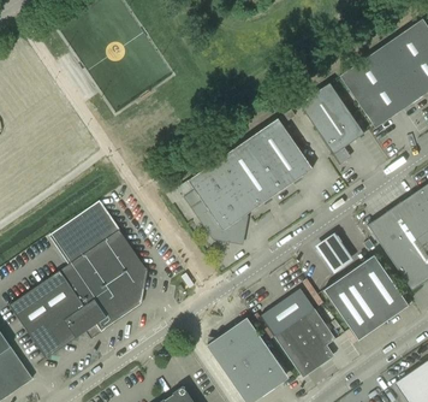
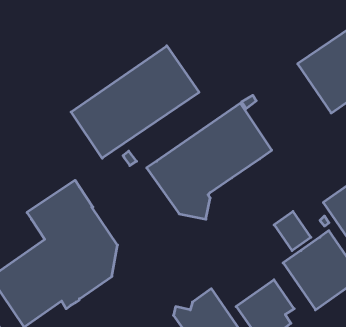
building: none -> [71,46,199,158]
building: [298,83,363,165] -> none
building: [260,288,314,337] -> none

